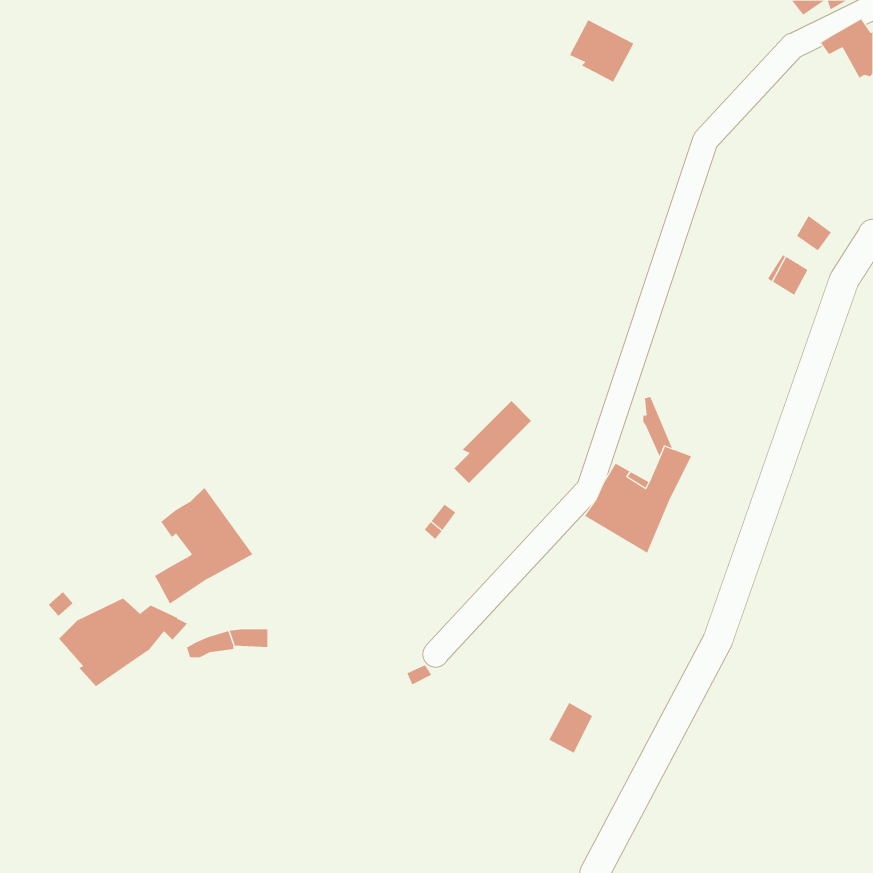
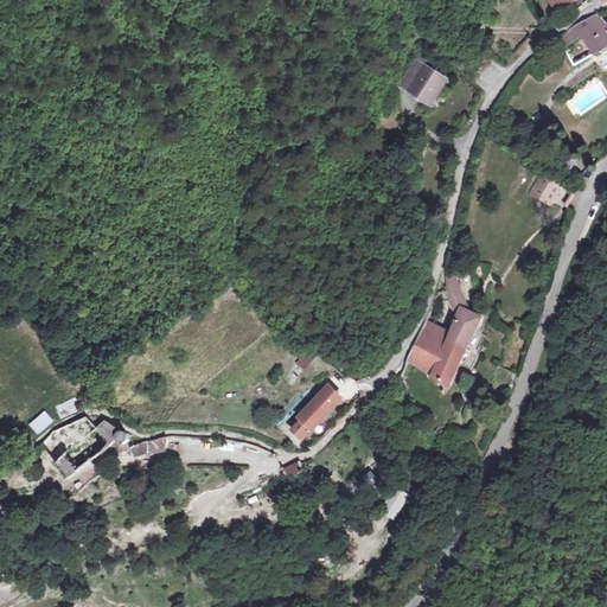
building: [569,19,634,83] -> [402,63,447,107]
building: [453,400,532,484] -> [286,383,340,441]
building: [154,487,253,605] -> none

